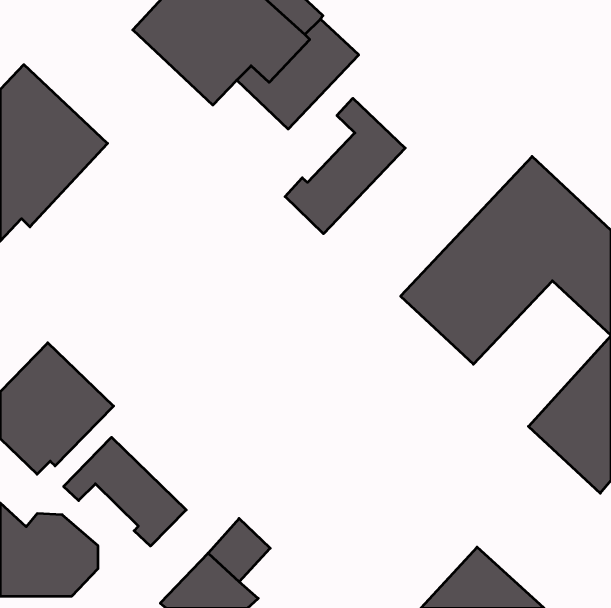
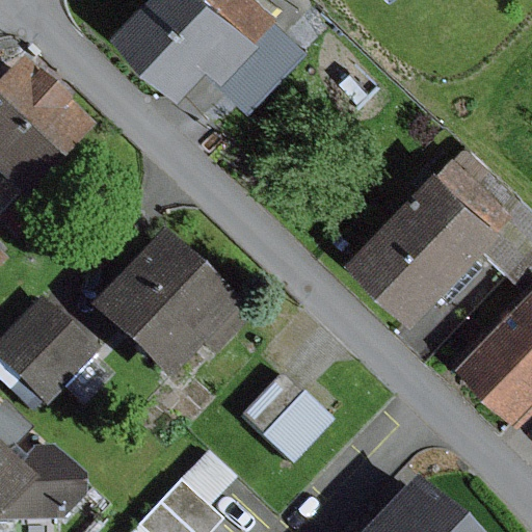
building: [285,98,405,234] -> none
building: none -> [90,230,248,380]
building: none -> [240,373,334,464]
building: [64,437,186,546] -> none

